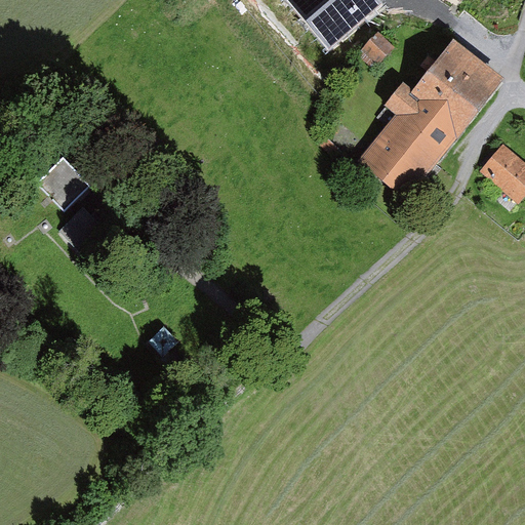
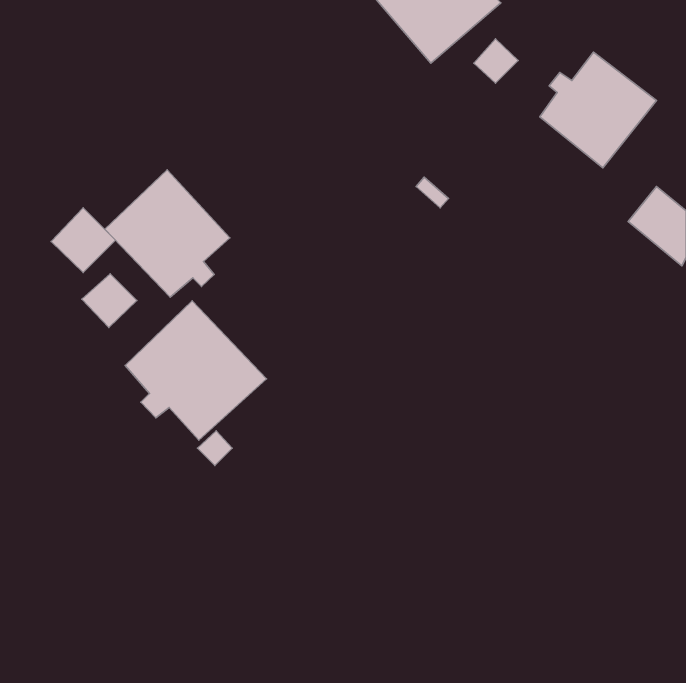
building: [359,82,460,197] -> none
building: none -> [105,170,230,297]
building: none -> [125,301,267,440]

